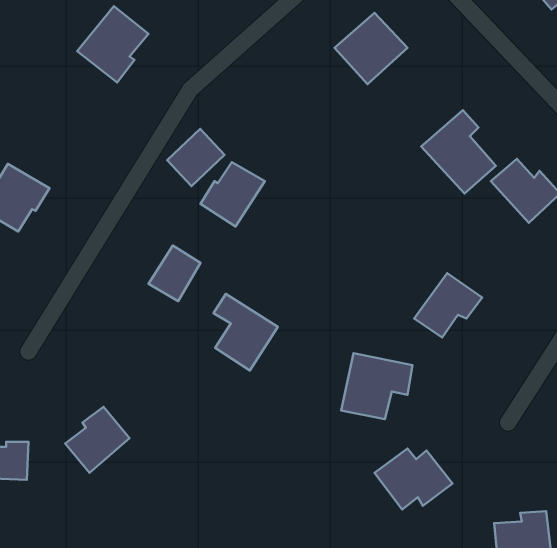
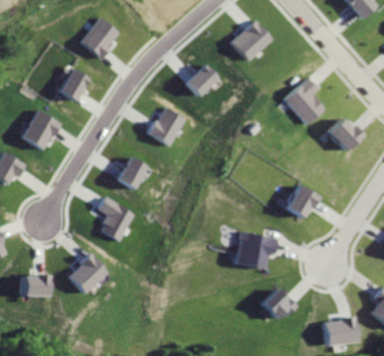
building: none -> [60,69,89,101]
building: [167,129,225,186] -> [187,64,221,97]
building: [214,294,278,370] -> [102,197,140,242]

